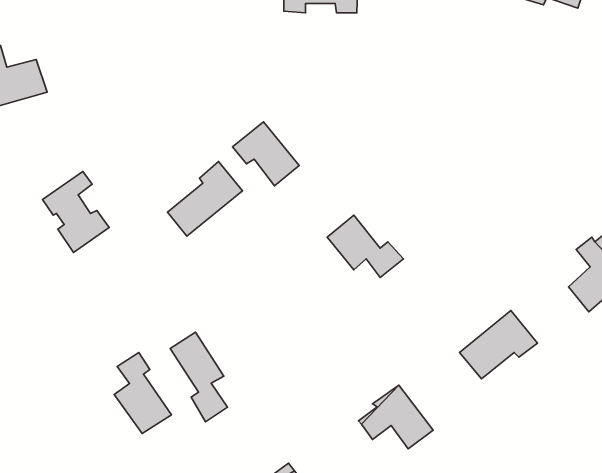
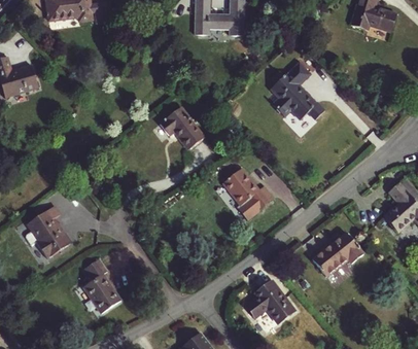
building: none -> [271,63,316,119]
building: [168,162,243,236] -> none
building: [42,172,109,253] -> [27,206,71,259]
building: [170,332,227,422] -> none

